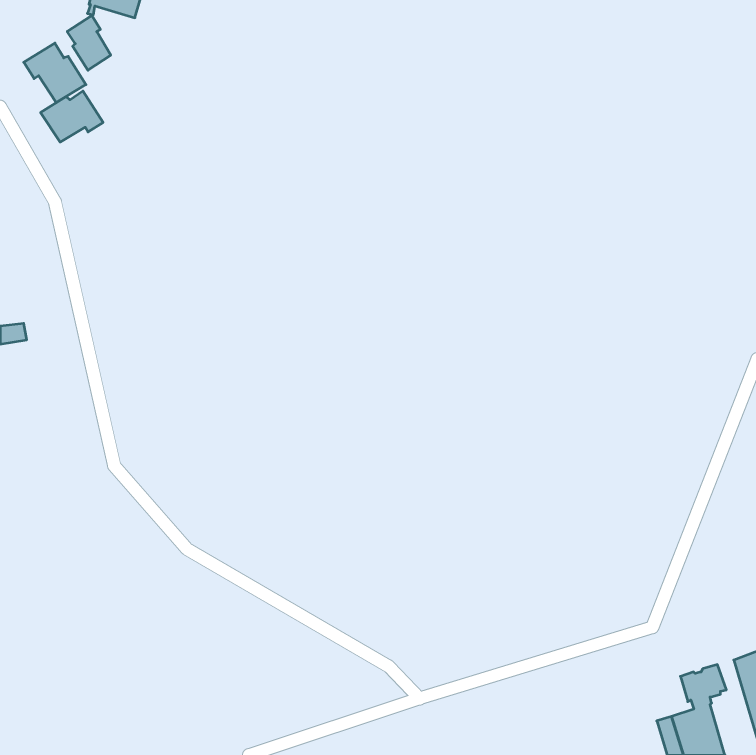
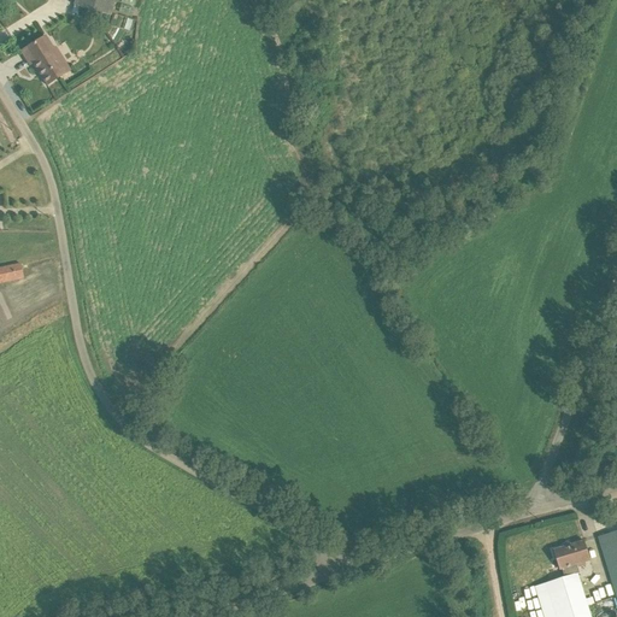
building: [67,16,111,70] -> none
building: [41,91,103,142] -> none

